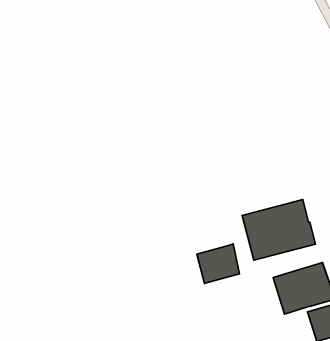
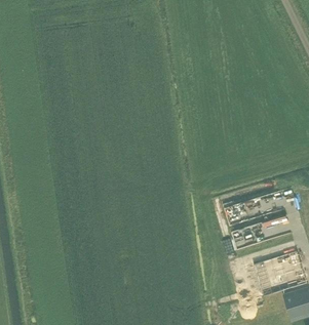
building: [197,244,240,283] -> none

